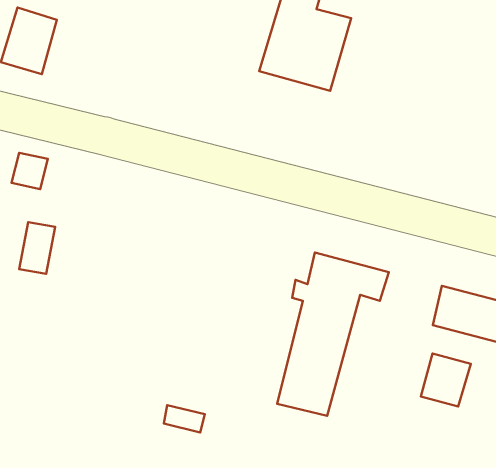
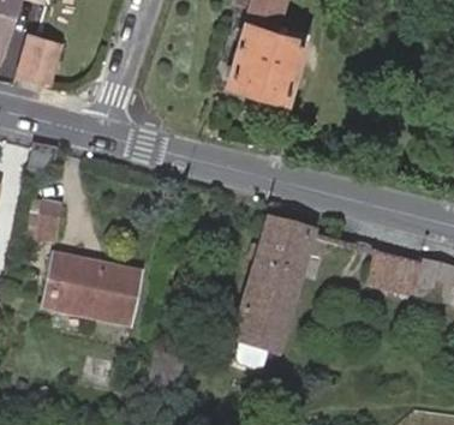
building: none -> [42,255,141,322]
building: [421,353,471,406] -> none

